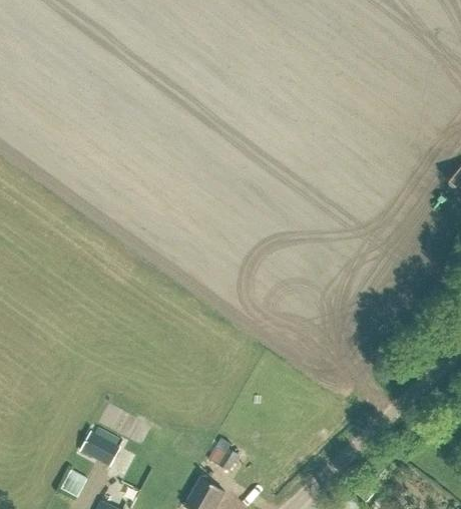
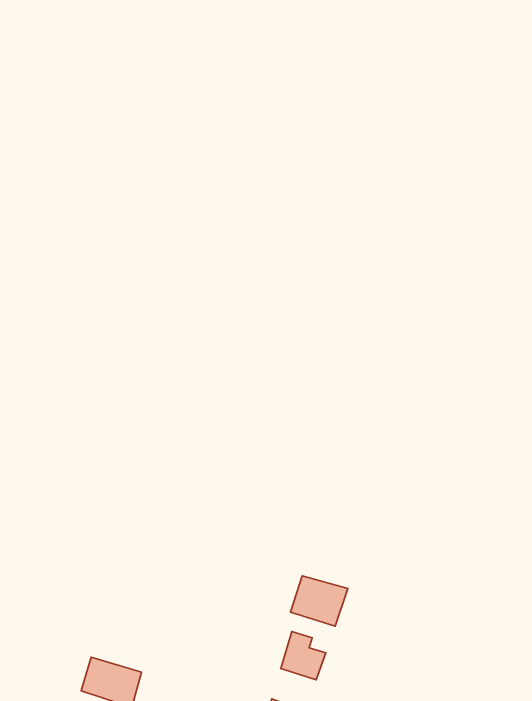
building: none -> [291,576,348,626]

